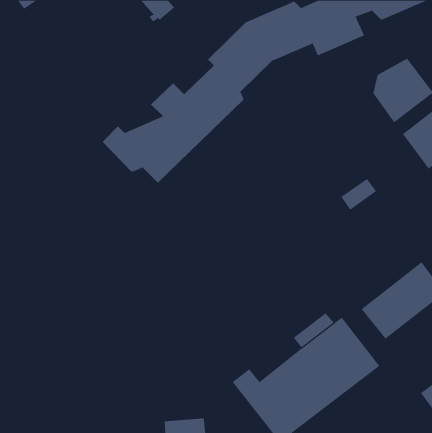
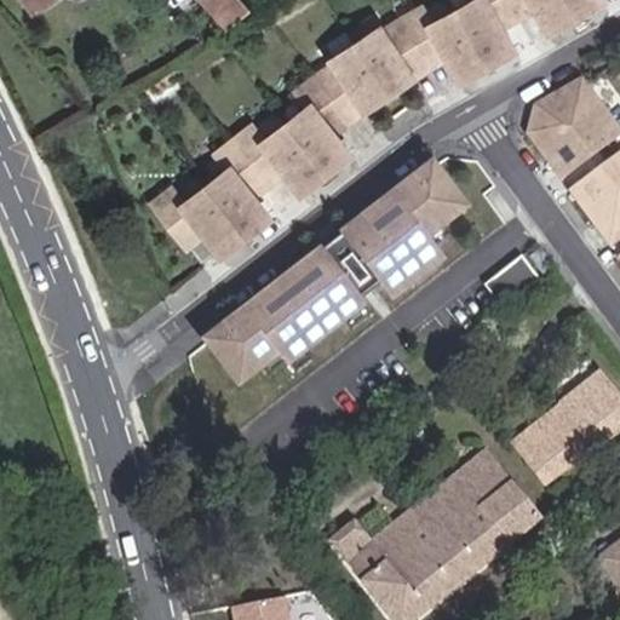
building: none -> [196,157,471,388]

